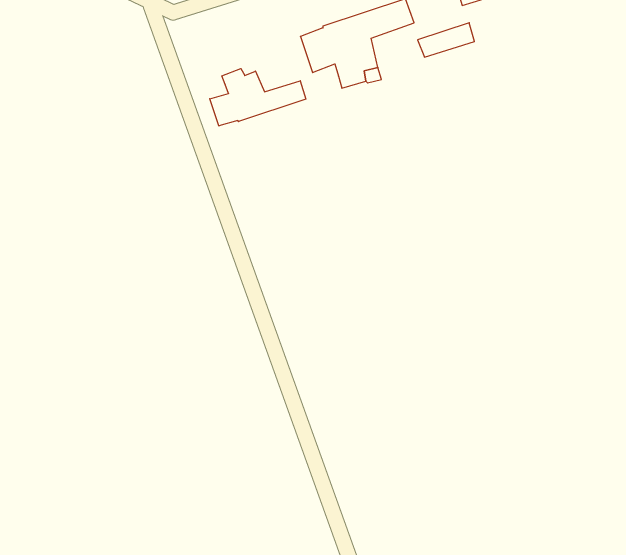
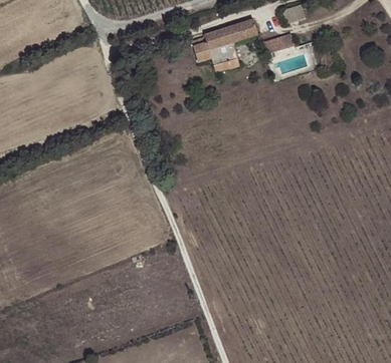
building: [210,69,306,126] -> none

